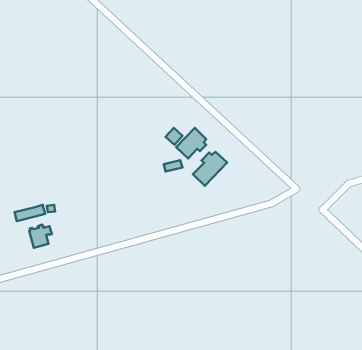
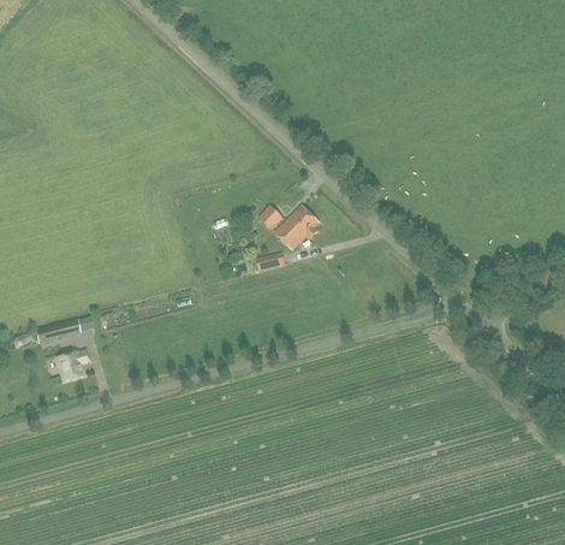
building: [193,152,227,186] -> none

